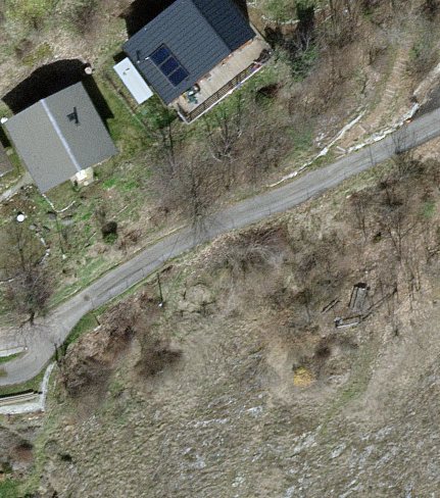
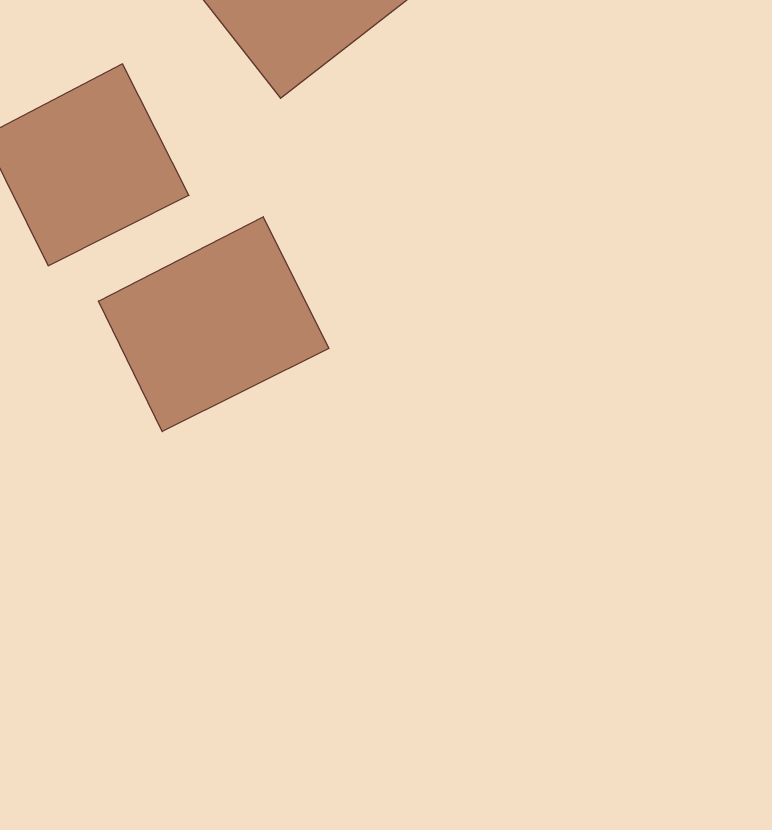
building: none -> [98,217,329,432]

